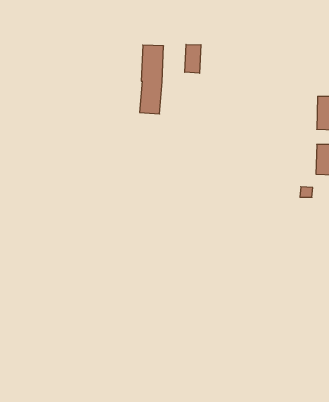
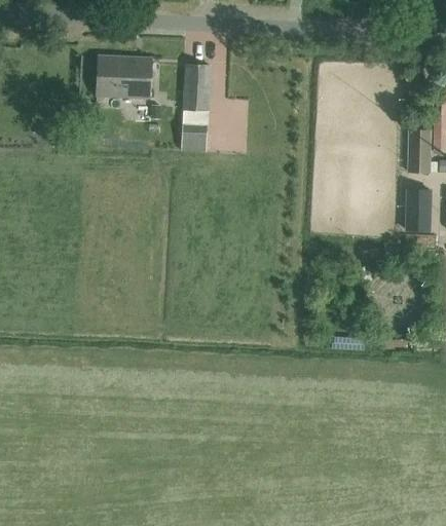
building: none -> [97,58,151,98]
building: [185,44,201,73] -> none

